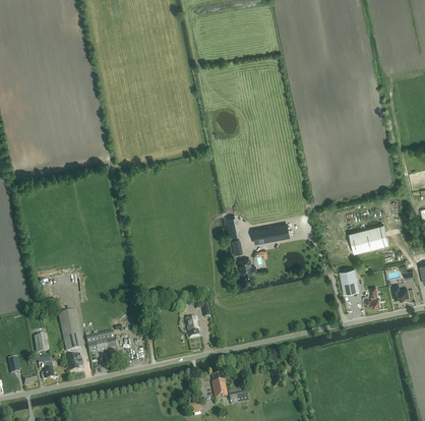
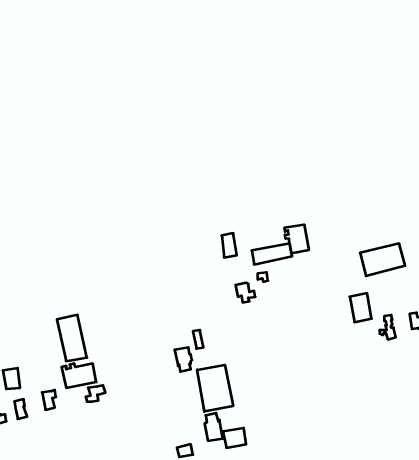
building: none -> [285,225,309,253]
building: [58,310,84,351] -> [57,315,87,361]
building: none -> [197,365,233,412]

